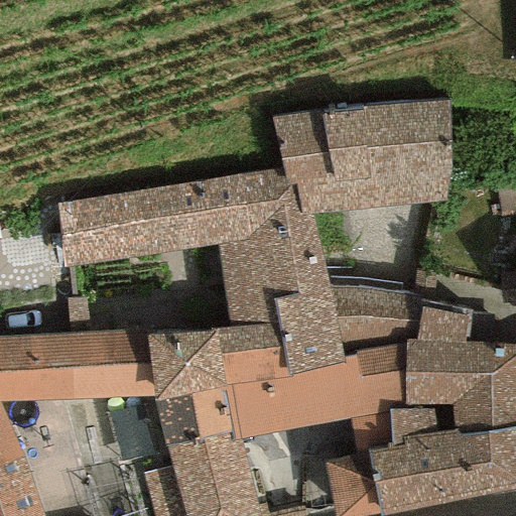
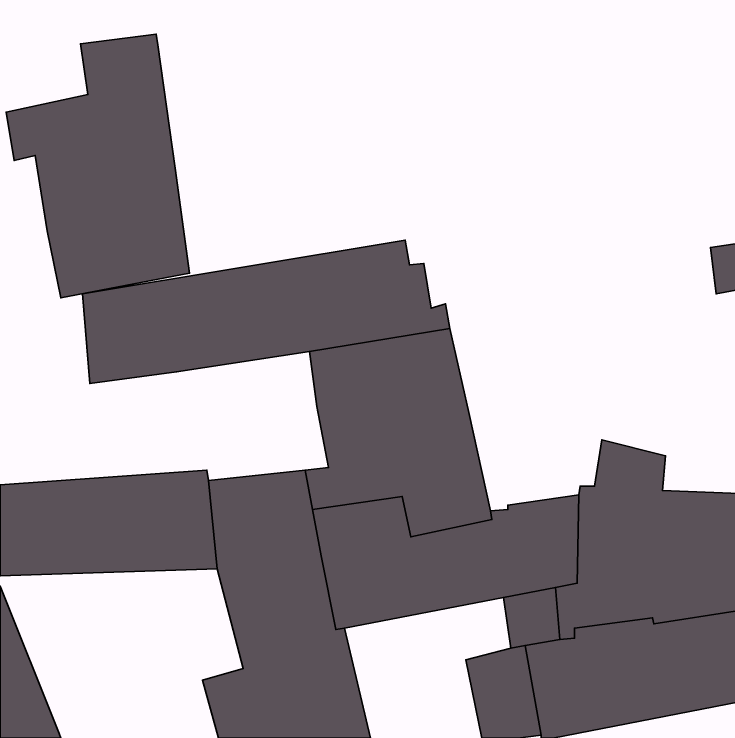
building: none -> [6,34,189,298]
building: [273,101,450,215] -> none
building: [330,284,424,356] -> none

